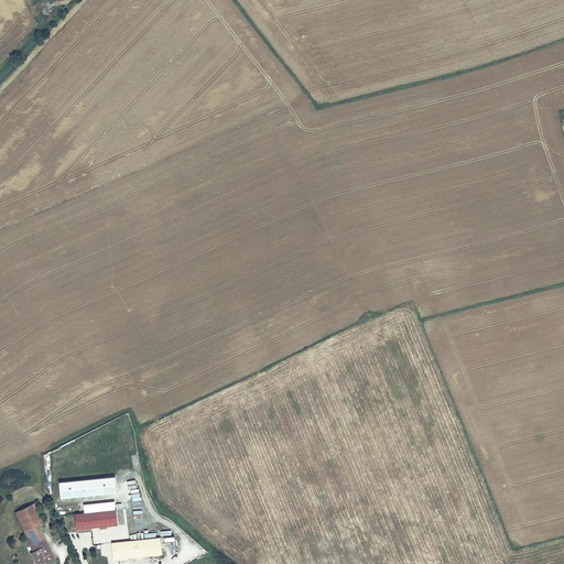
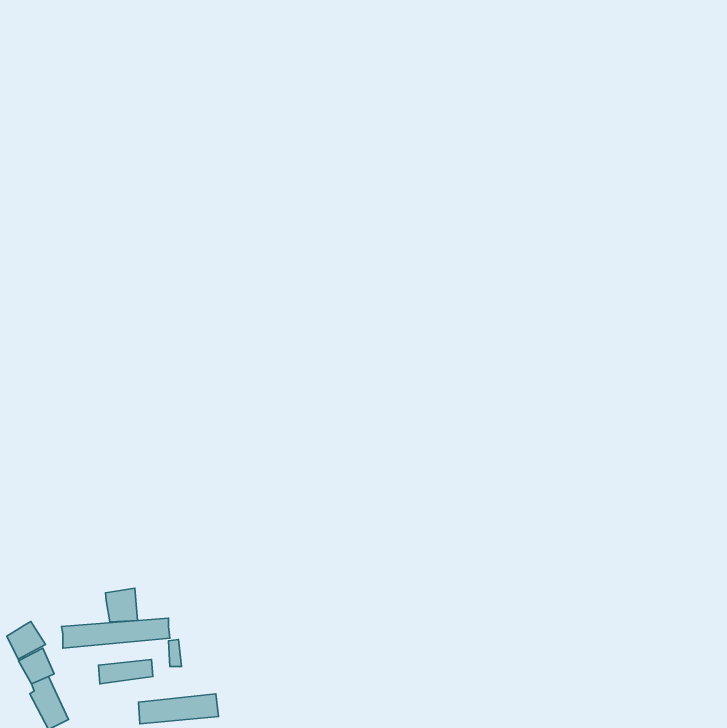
building: none -> [105,588,137,622]
building: none -> [7,622,45,659]

